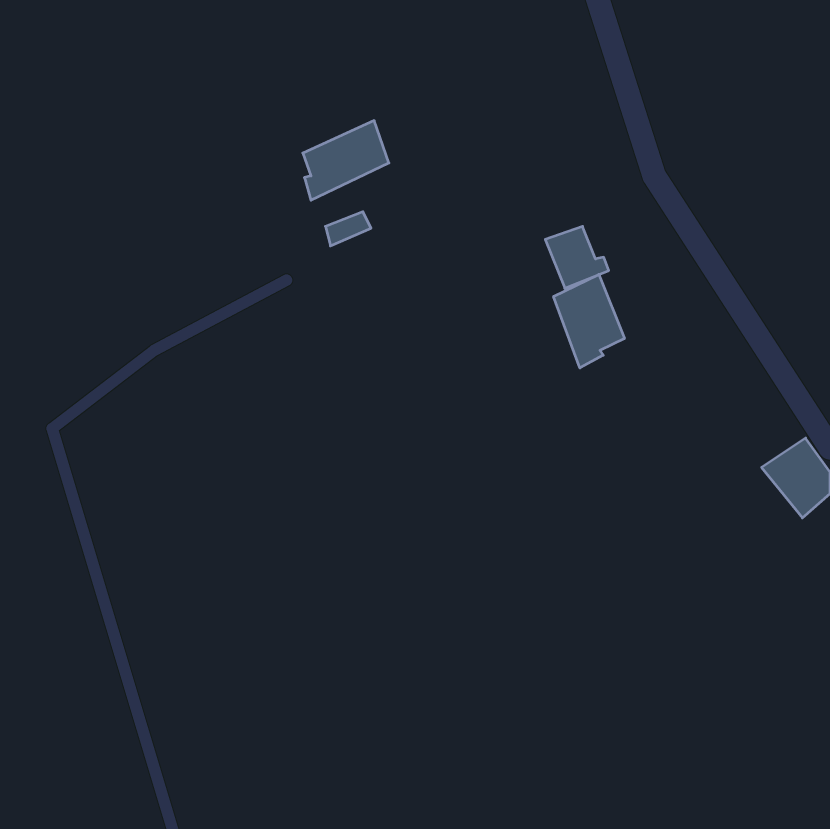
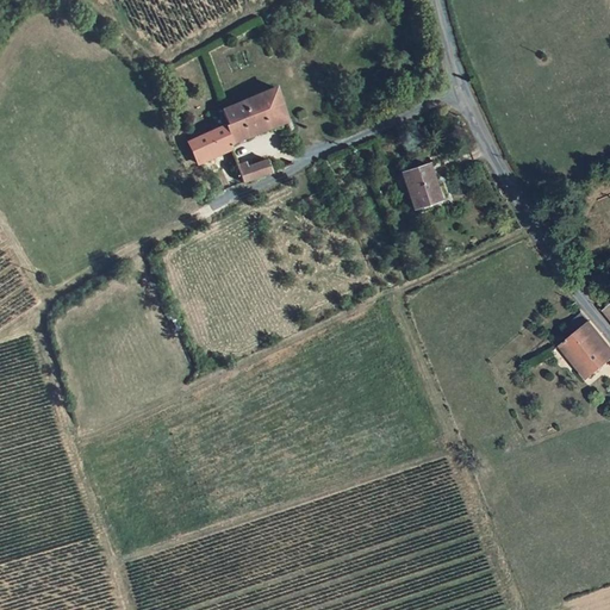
building: none -> [189,130,230,163]
building: [554,274,624,368] -> none

